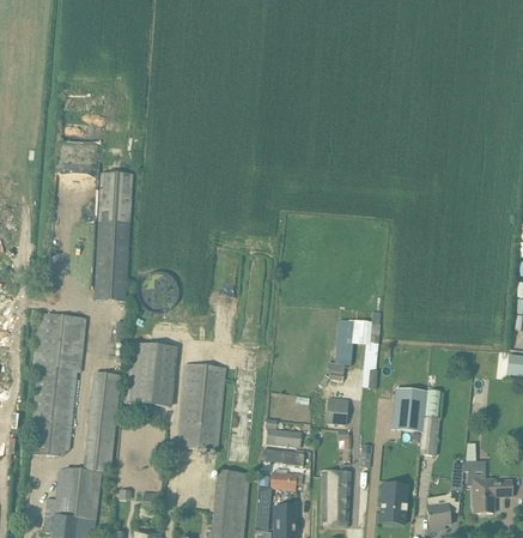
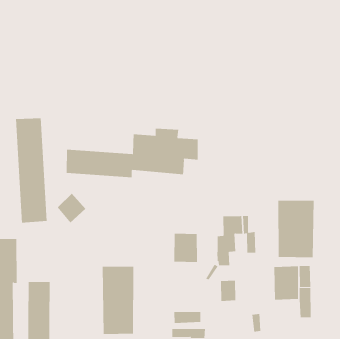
building: none -> [66,128,198,178]
building: none -> [278,200,314,258]
building: none -> [174,233,197,263]
building: [124,341,175,405] -> none

